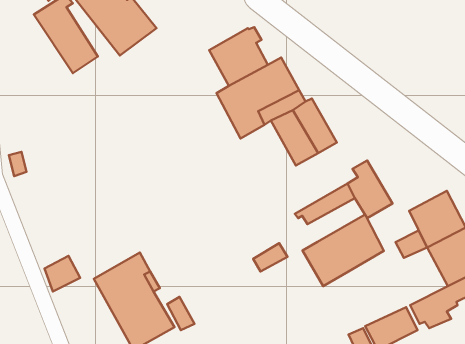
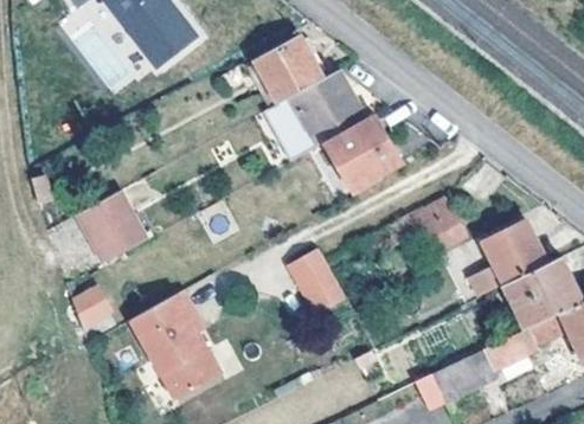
building: none -> [76,189,146,262]
building: [302,215,384,286] -> none
building: none -> [287,246,336,296]

